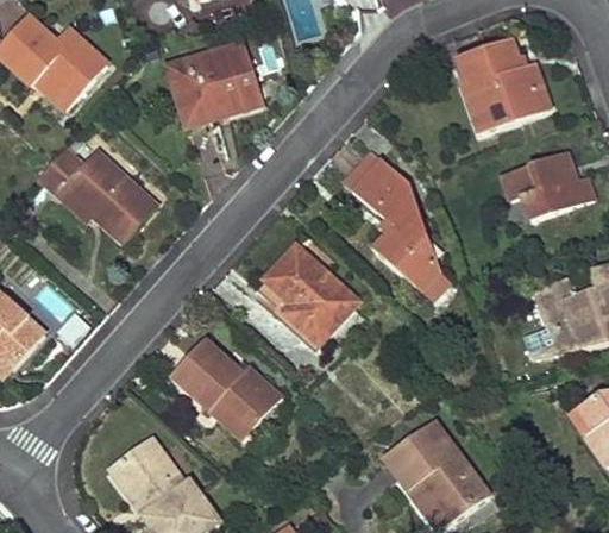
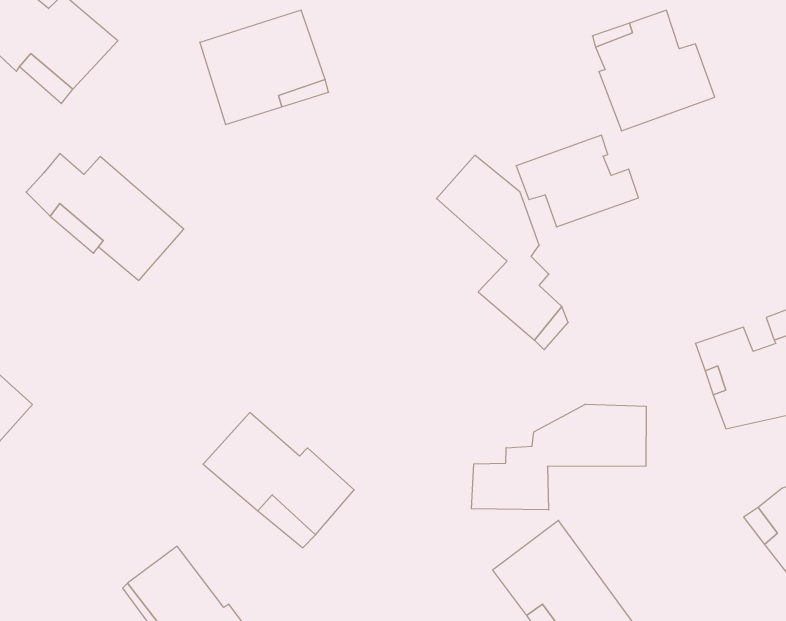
building: [501,151,591,219] -> [516,135,638,227]
building: [258,245,358,344] -> none
building: none -> [471,404,646,510]

